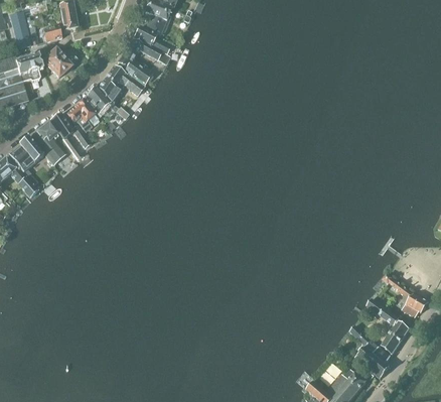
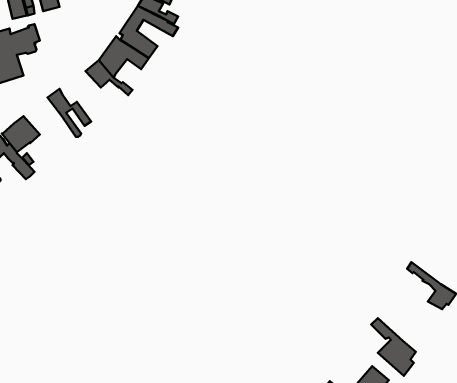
building: [36,49,77,77] -> none
building: [65,99,99,128] -> none
building: [28,121,65,164] -> none
building: [366,298,408,354] -> none

